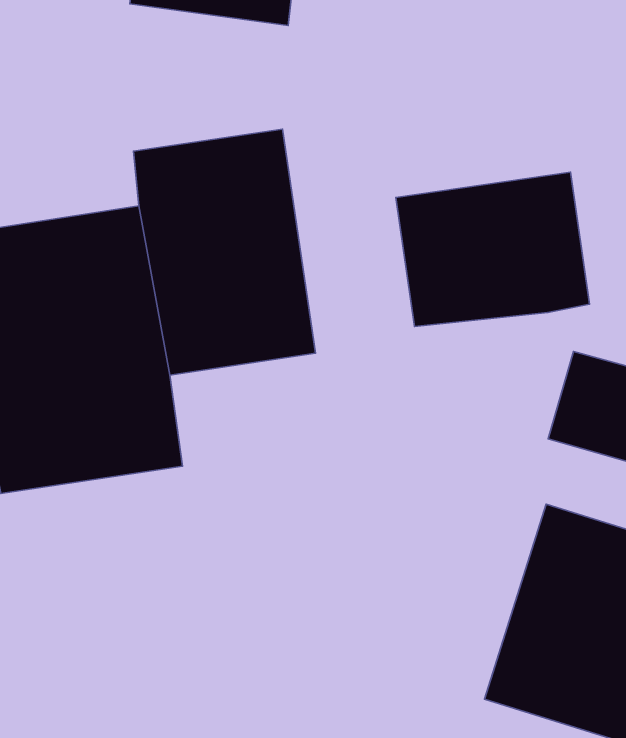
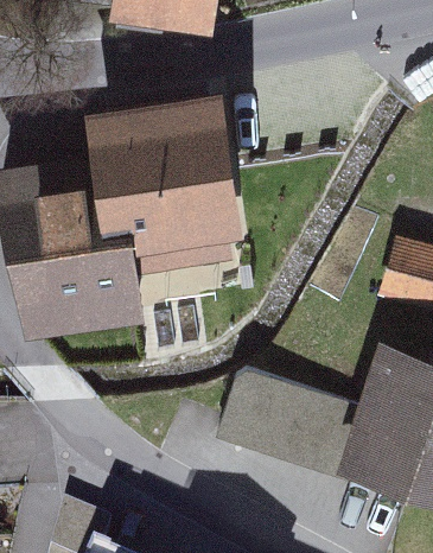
building: [396,172,590,326] -> none
building: none -> [221,364,335,465]

